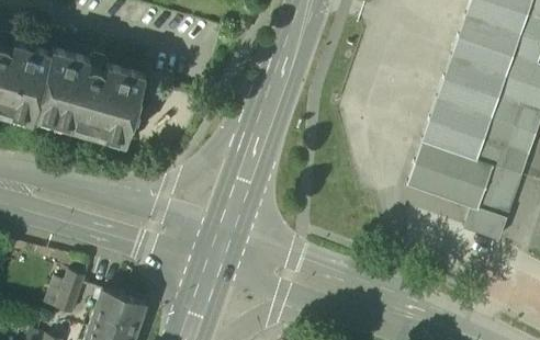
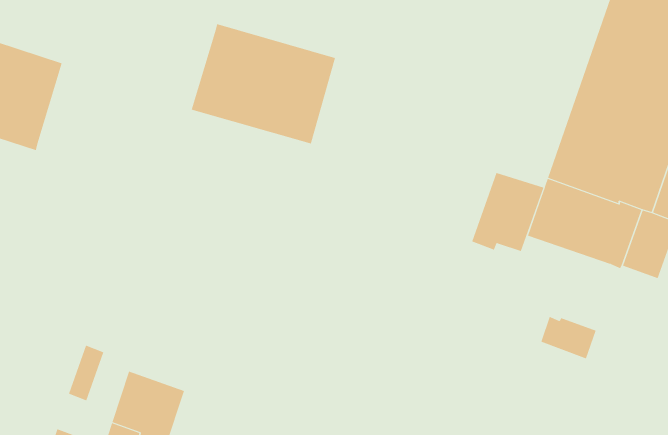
building: [33,50,144,143] -> [191,23,336,144]
building: none -> [472,172,544,252]
building: [463,208,506,241] -> [541,316,597,359]

